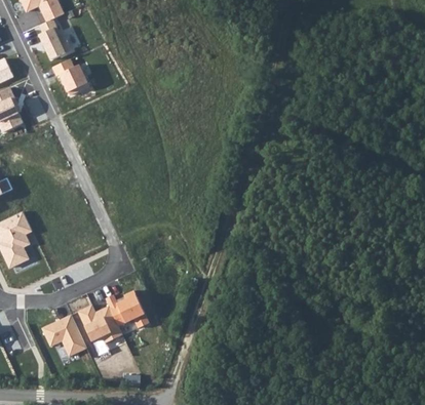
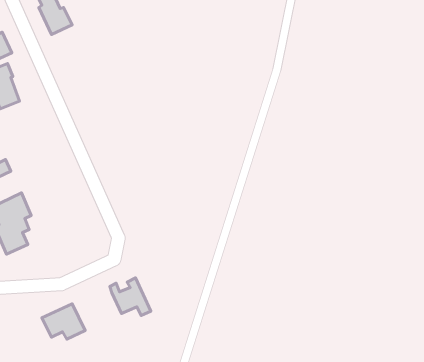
building: [52,59,88,94] -> none
building: [79,306,120,343] -> none

